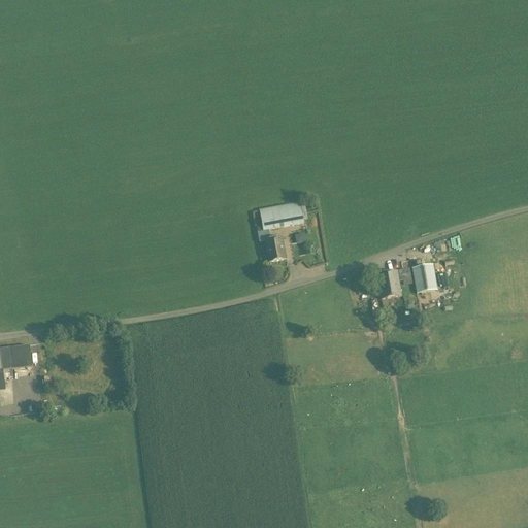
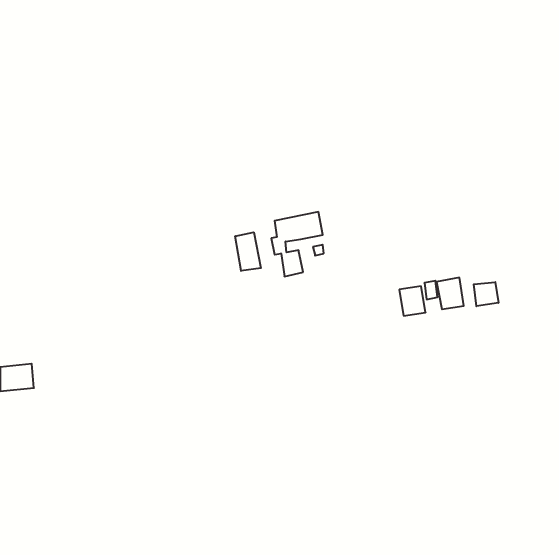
building: none -> [235,232,261,271]
building: none -> [474,282,498,306]

